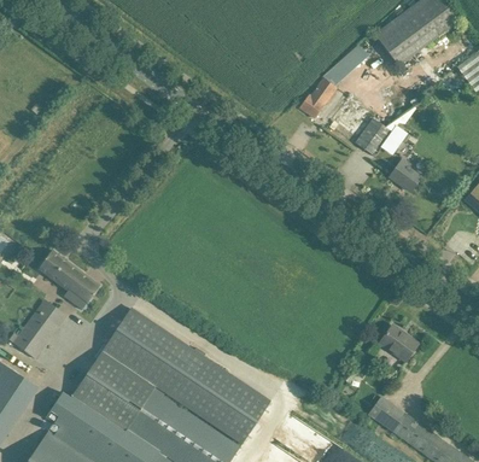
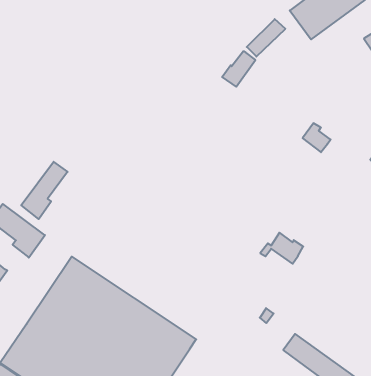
building: [355,118,392,156] -> none
building: none -> [21,162,68,219]
building: [369,327,417,362] -> [260,233,303,264]

